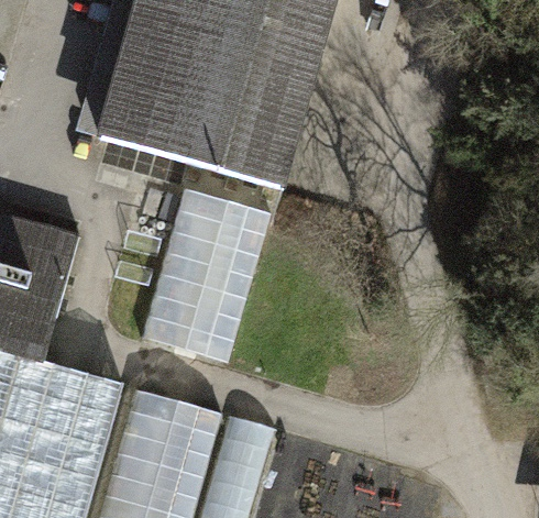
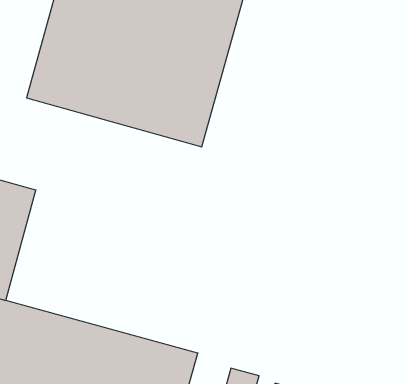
building: [141,189,276,370] -> none

